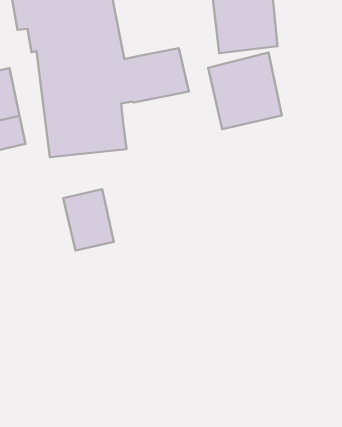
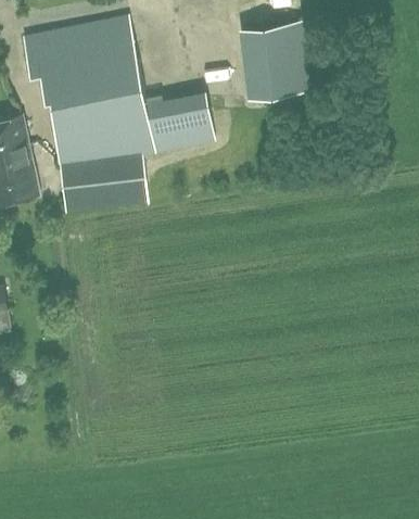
building: [208,52,282,129] -> none
building: [63,189,114,251] -> none

